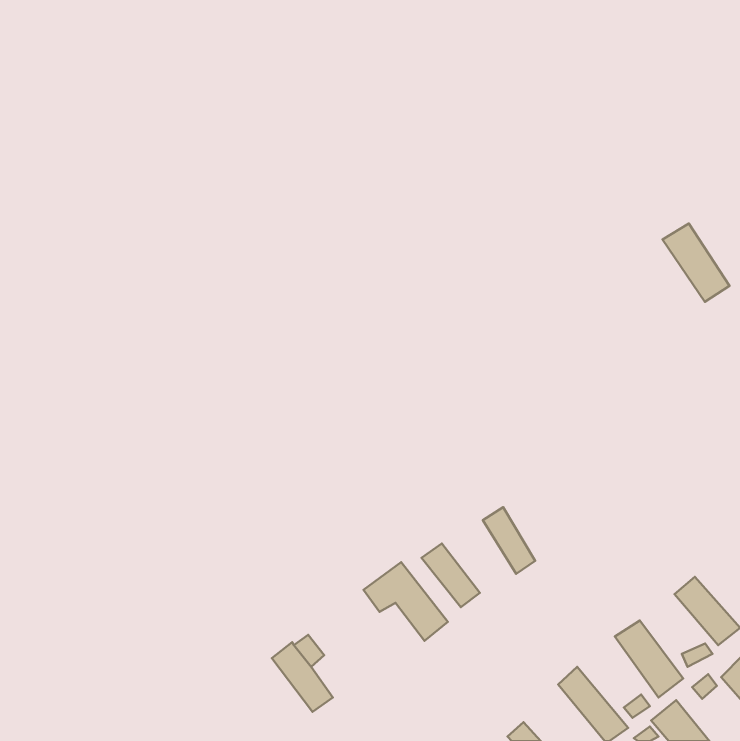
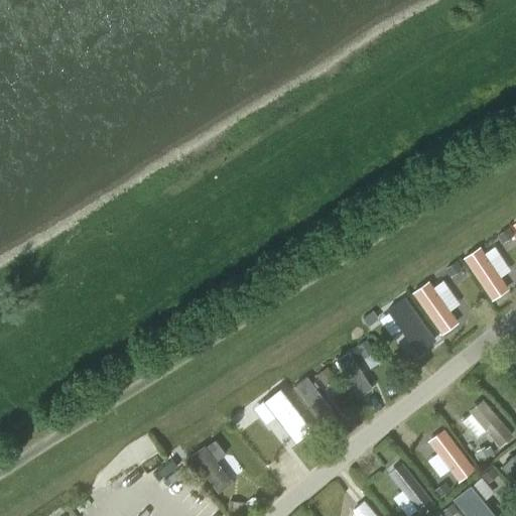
building: [663,224,729,302] -> [464,247,510,301]
building: none -> [412,281,459,335]
building: none -> [388,297,436,355]

